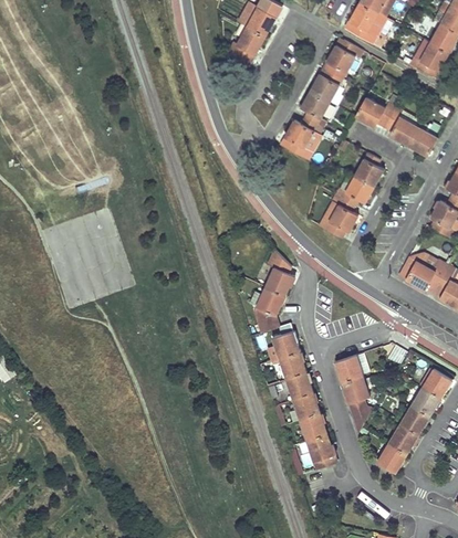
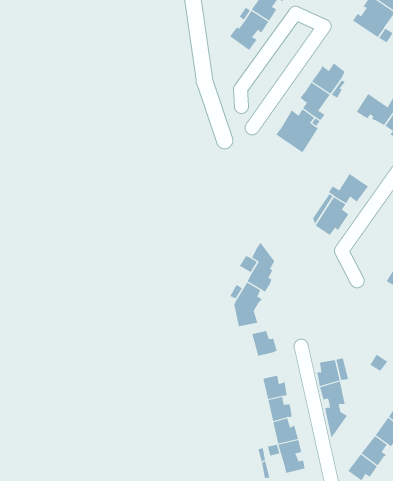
building: [325,38,363,78] -> none
building: [354,152,383,187] -> none
building: [275,355,306,381] -> none

